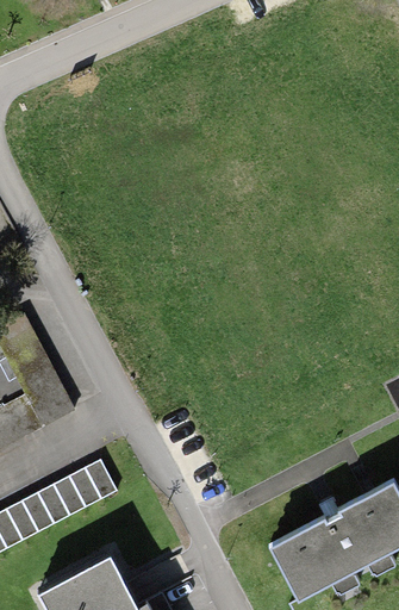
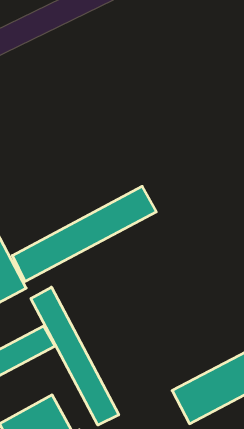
building: none -> [12,186,156,281]
building: none -> [31,287,119,425]

